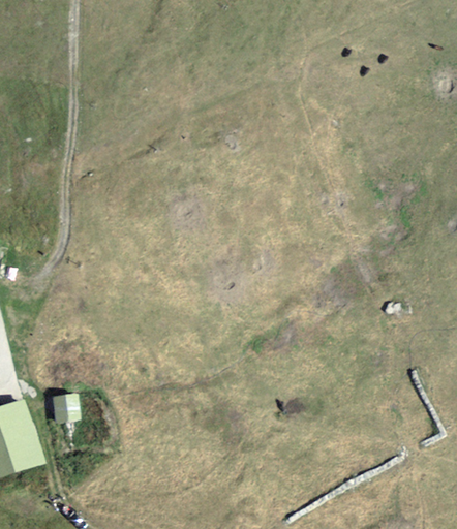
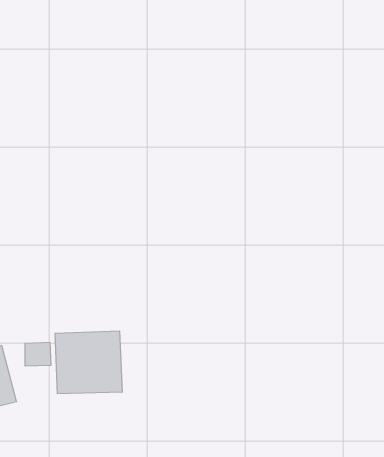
building: none -> [55,331,122,394]

